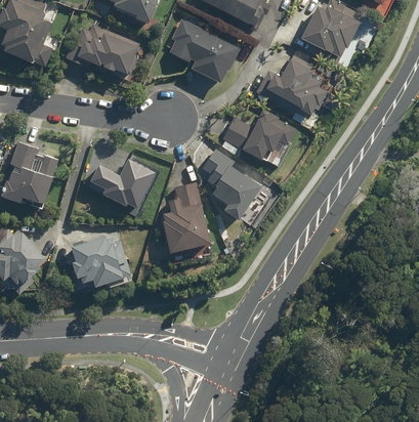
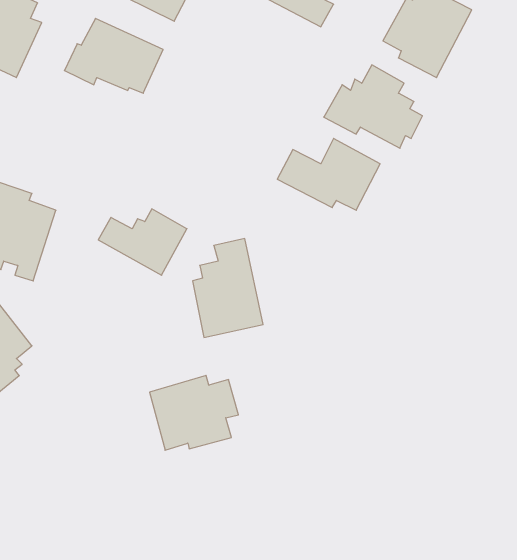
building: [165,18,239,84] -> none
building: [203,149,260,220] -> none
building: [64,235,128,289] -> [150,375,238,450]

